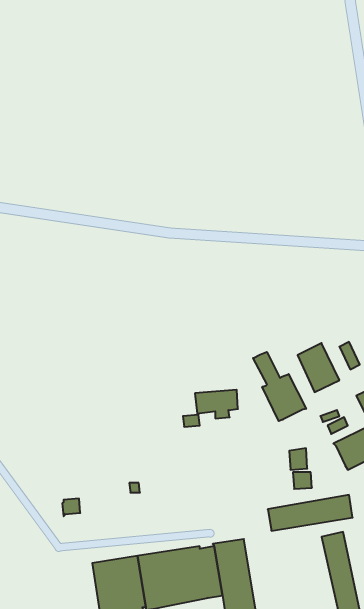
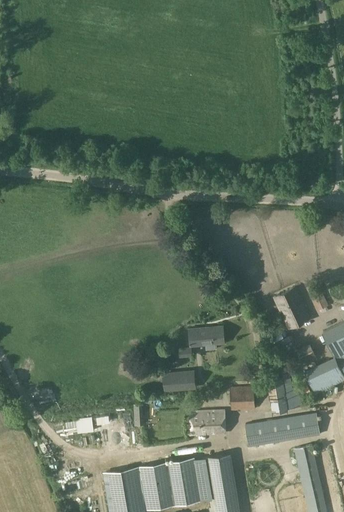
building: [253,352,306,421] -> none
building: none -> [163,371,193,390]
building: none -> [231,389,255,410]
building: none -> [190,411,225,435]

